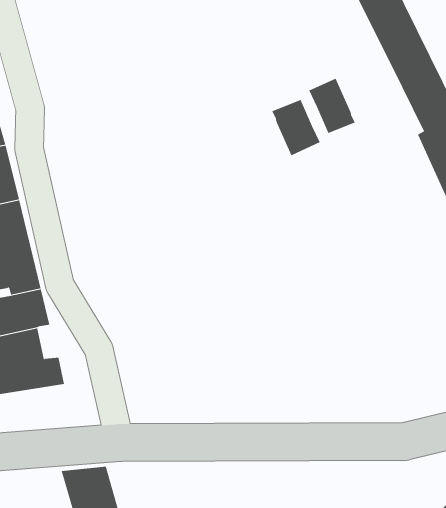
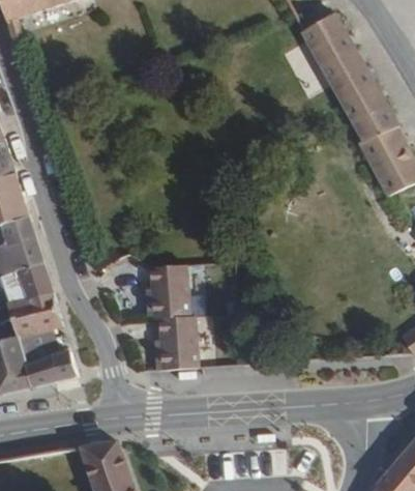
building: [308,78,356,134] -> none
building: [271,99,321,156] -> none
building: none -> [148,263,198,368]

